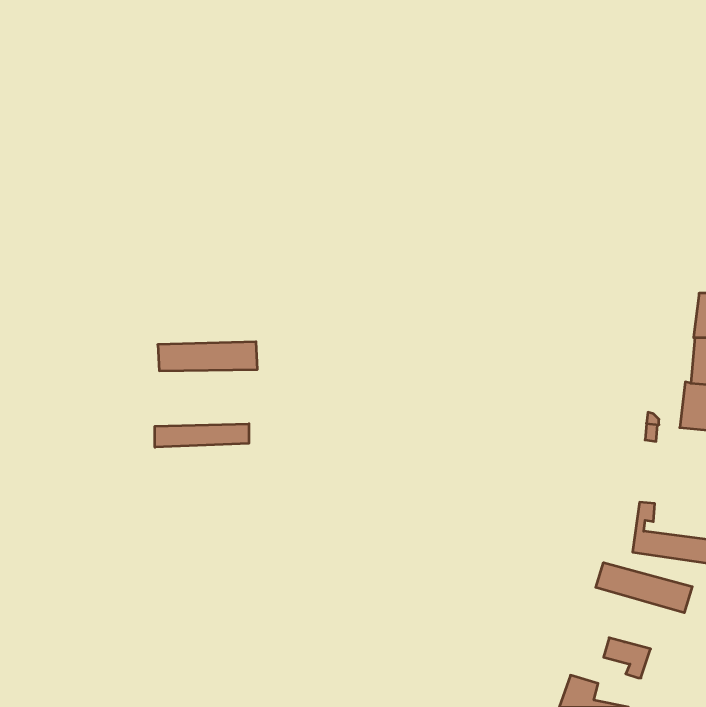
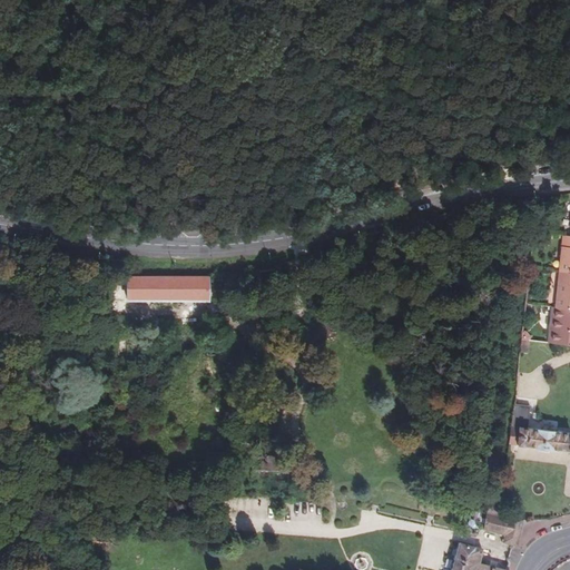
building: [155,424,249,447] -> none
building: [596,563,692,613] -> none

